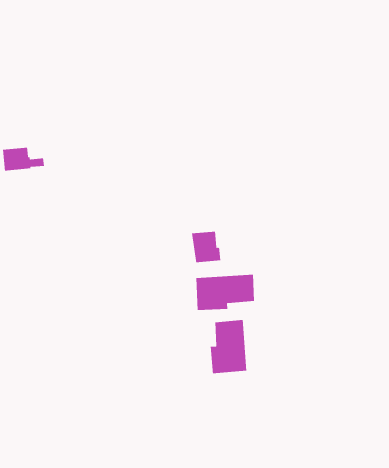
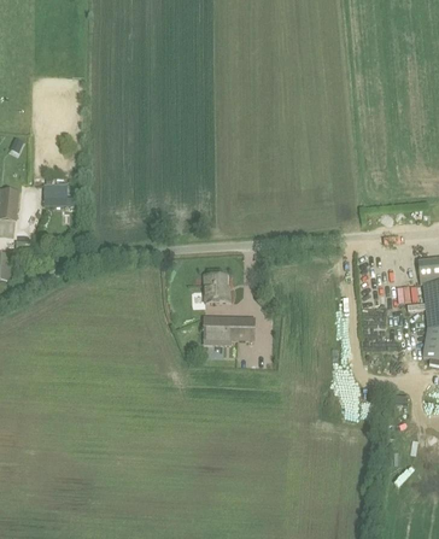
building: [210,319,247,374] -> none

